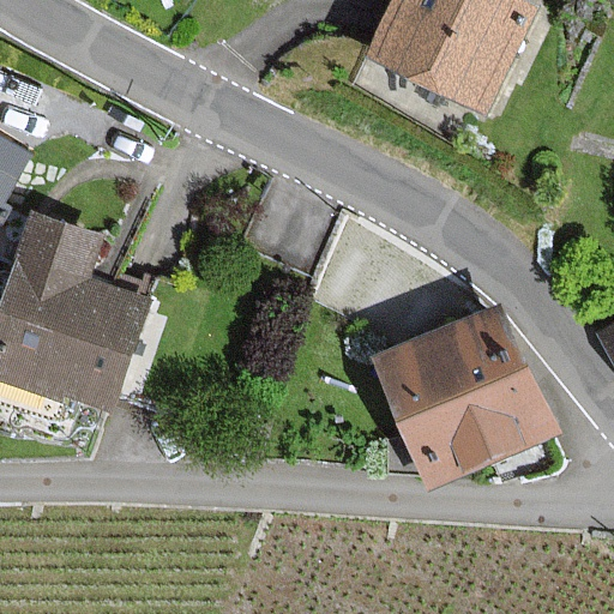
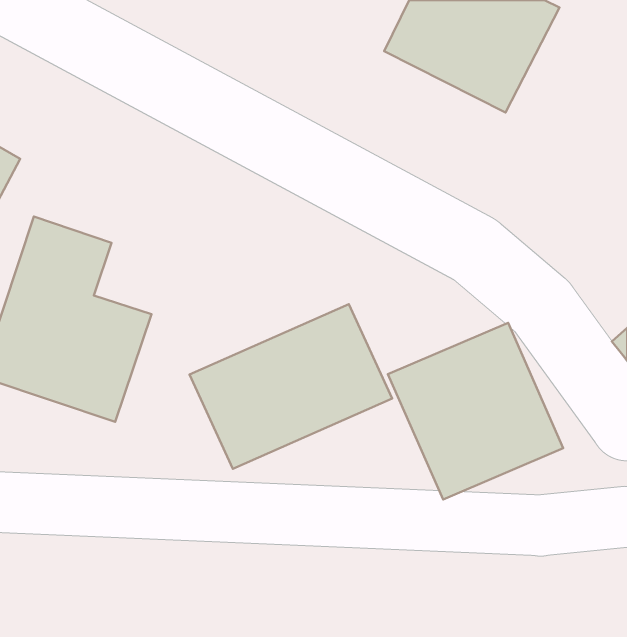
building: none -> [189,304,392,469]

